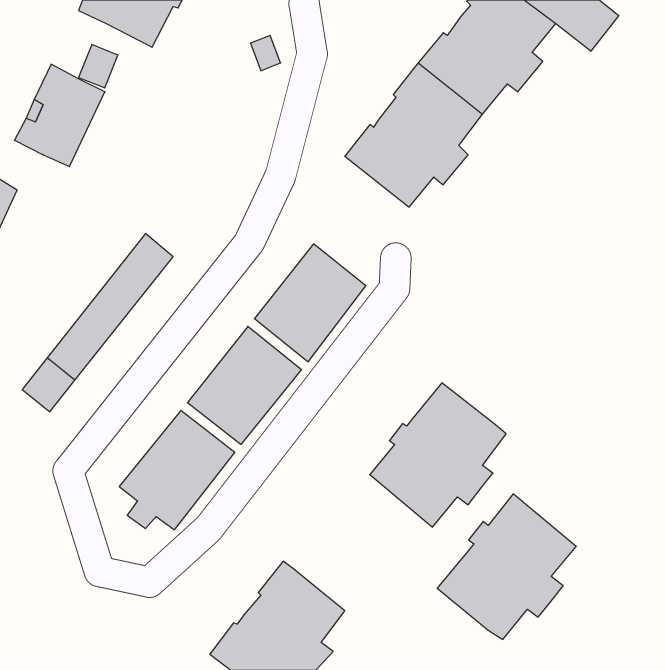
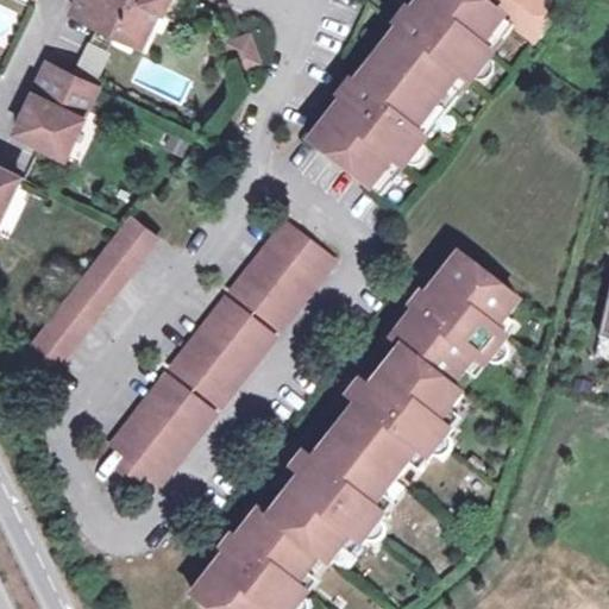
building: none -> [393,255,517,385]
building: [437,494,576,639] -> [266,431,393,563]

